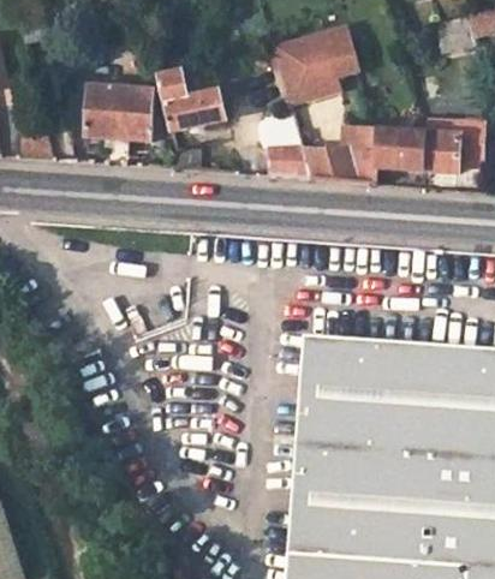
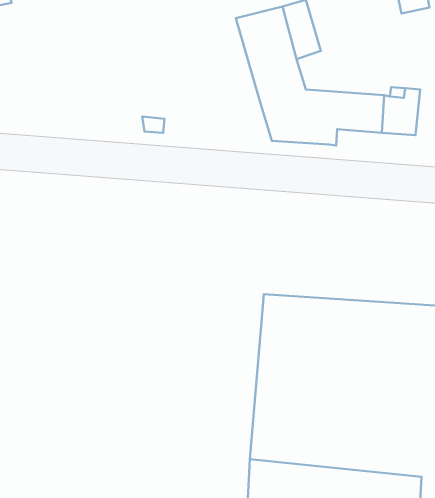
building: [161,71,229,130] -> none
building: [89,83,156,138] -> none
building: [269,132,312,177] -> none

